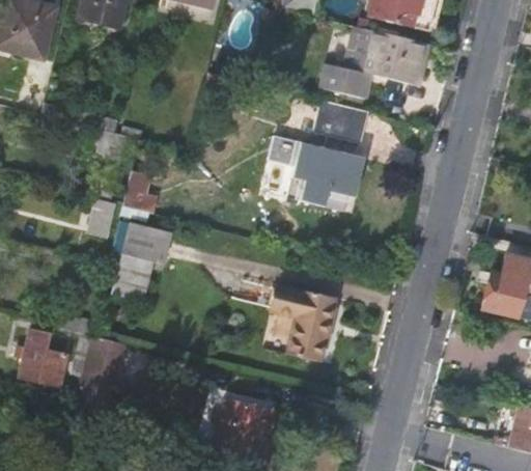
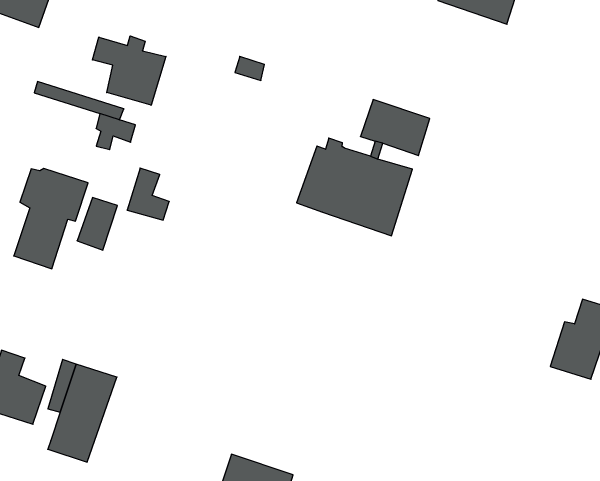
building: [322,25,430,98] -> none
building: none -> [92,36,166,105]
building: [112,221,169,303] -> [14,168,88,269]
building: [271,281,334,361] -> none

